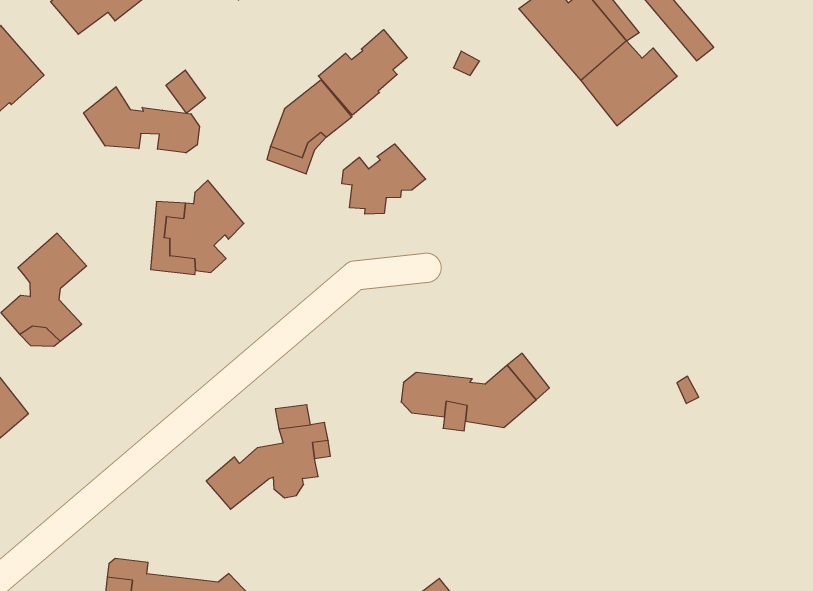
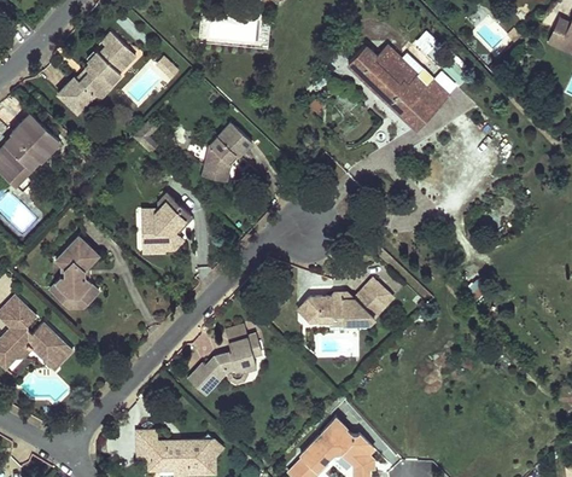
building: [318,30,407,115] -> none
building: [84,87,200,153] -> none
building: [342,144,426,214] -> none

